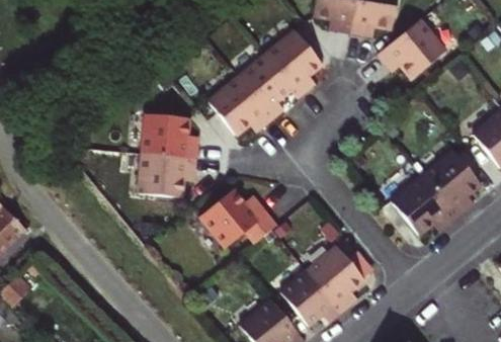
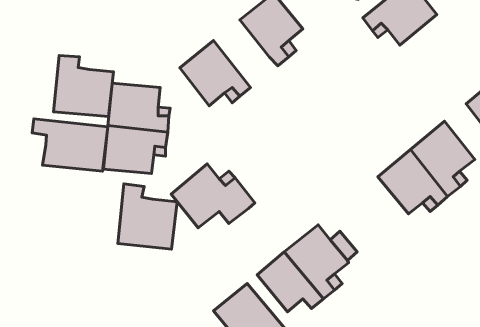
building: [239,55,290,117] -> none
building: none -> [53,55,114,117]
building: none -> [32,119,108,171]
building: none -> [118,184,177,249]

